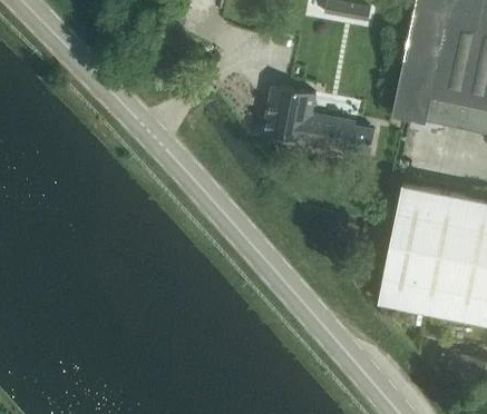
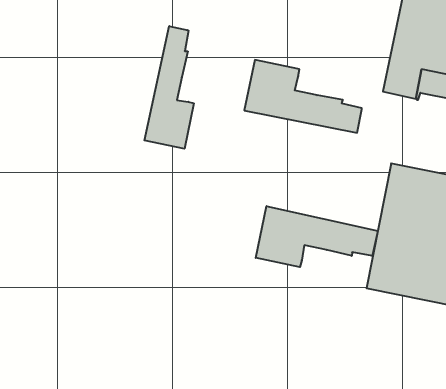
building: none -> [144,26,194,149]
building: none -> [256,206,378,267]

